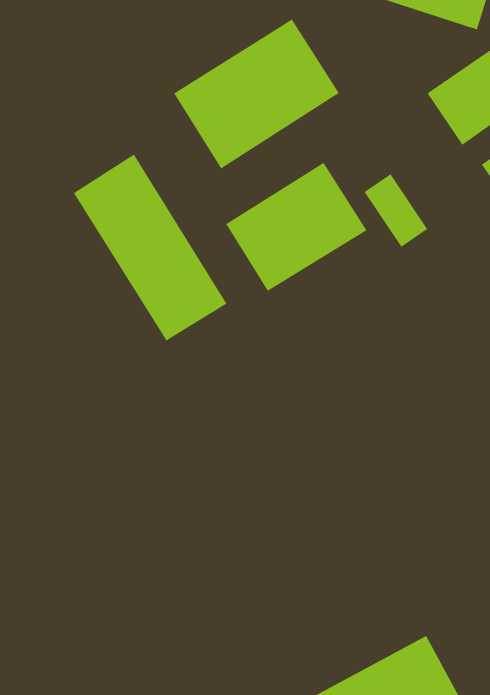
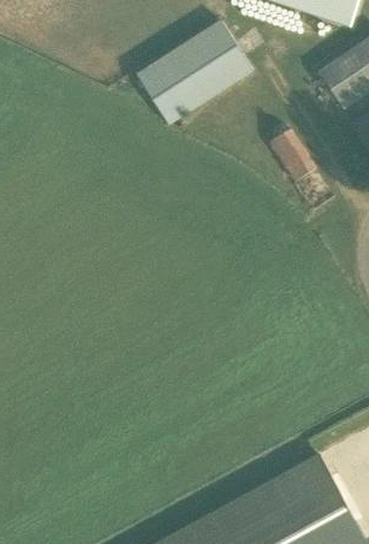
building: [73,154,227,341] -> none
building: [225,162,367,292] -> none

